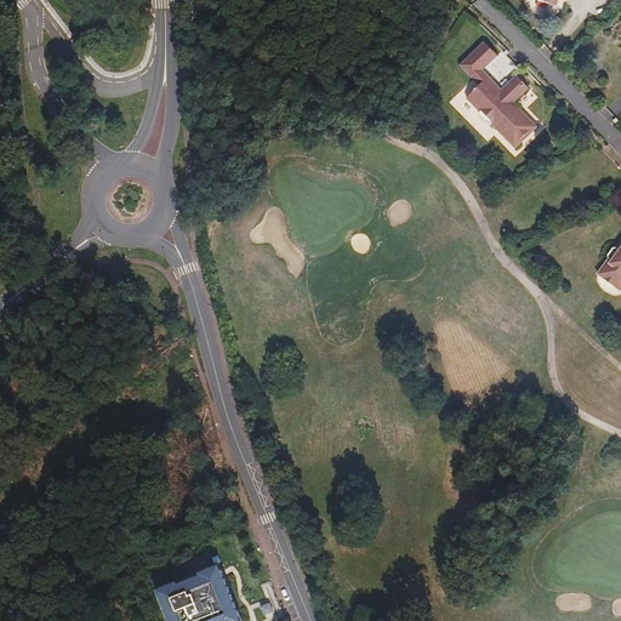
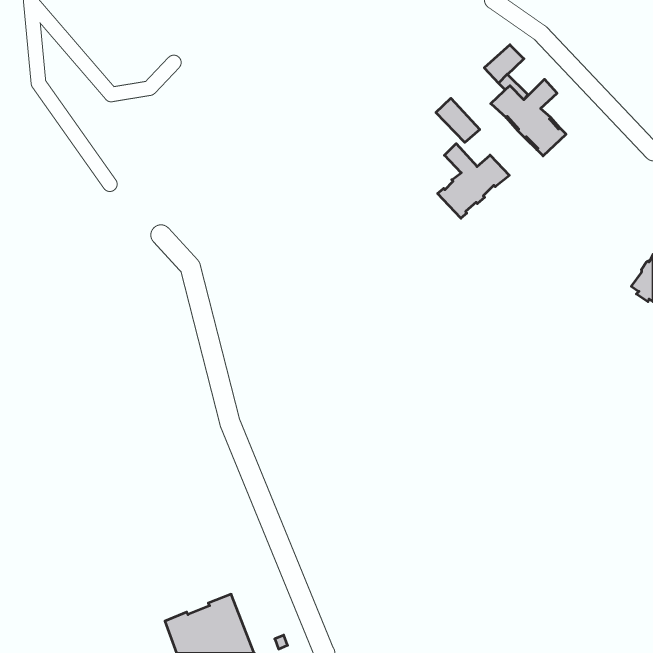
building: none -> [436,98,480,142]
building: none -> [438,144,509,218]

